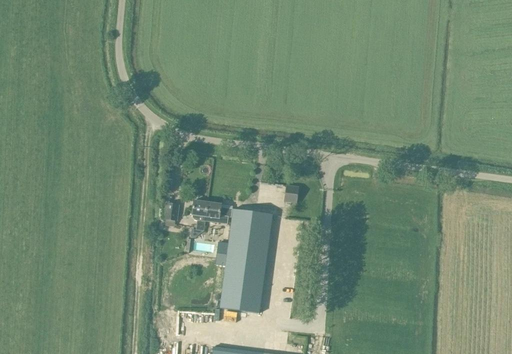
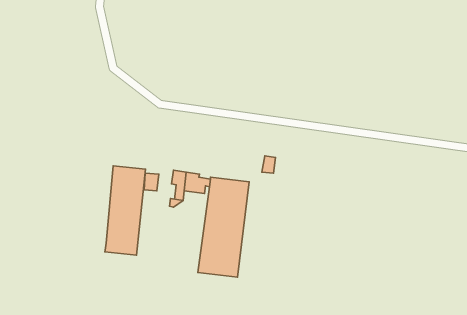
building: none -> [105,166,146,255]

